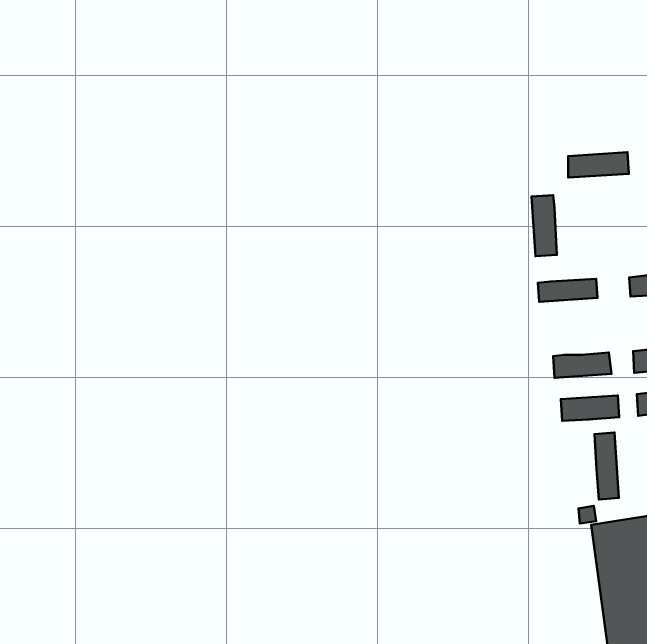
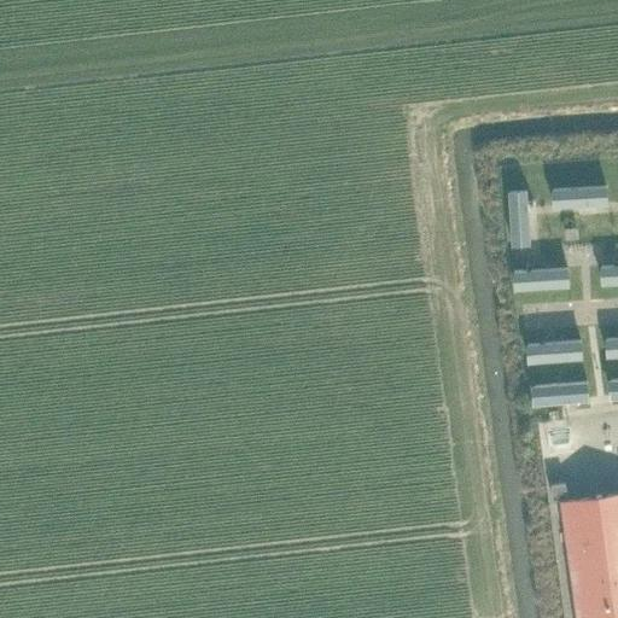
building: [568,152,629,178] -> [550,185,608,209]
building: [594,433,619,499] -> none

